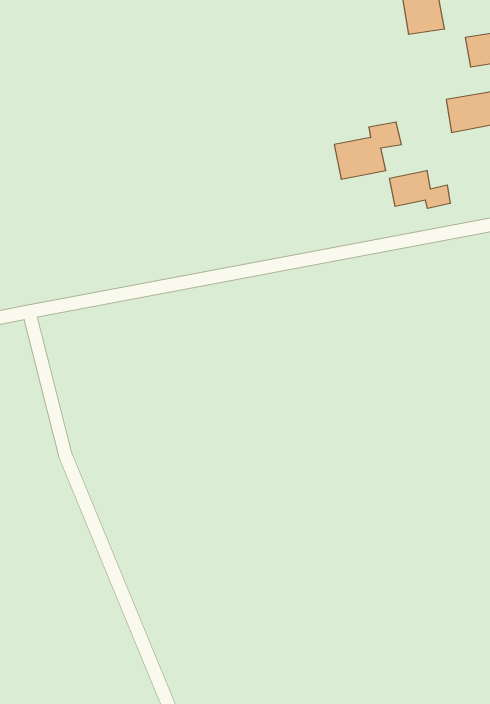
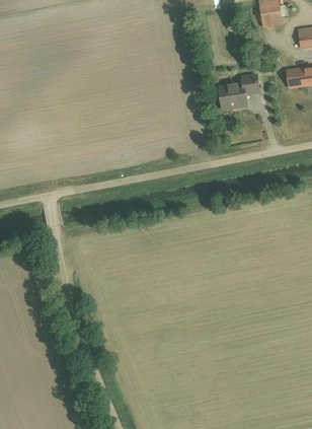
building: [390,170,450,208] -> none

